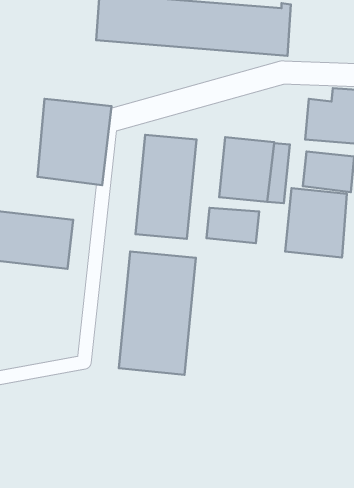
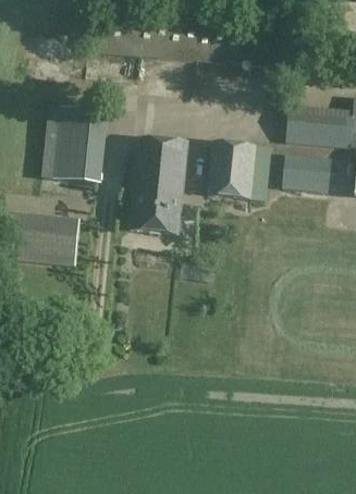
building: [285,188,347,257] -> none
building: [206,208,259,243] -> none
building: [119,251,196,375] -> none

